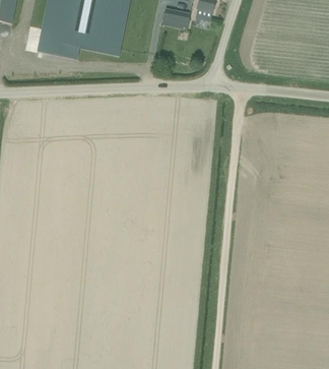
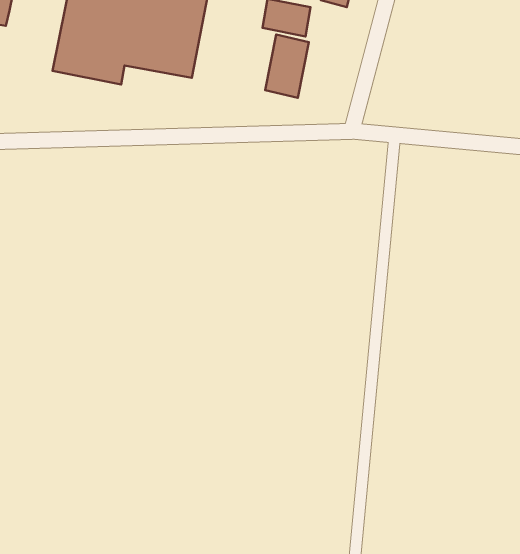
building: none -> [265,35,309,98]

